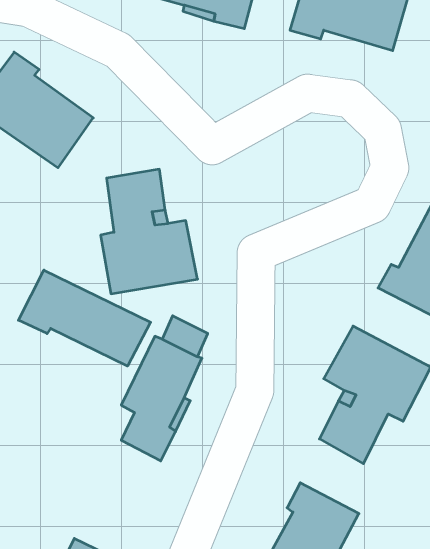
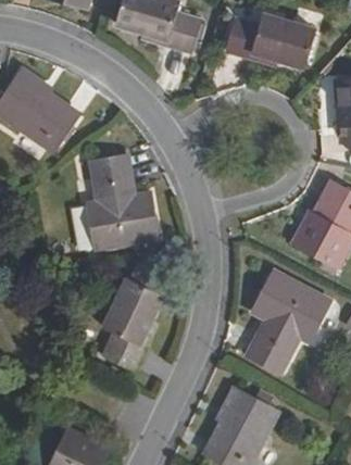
building: [18,270,151,366] -> none

